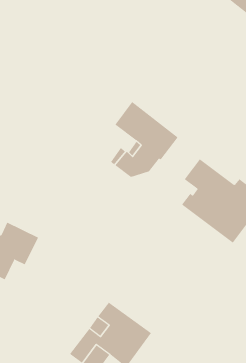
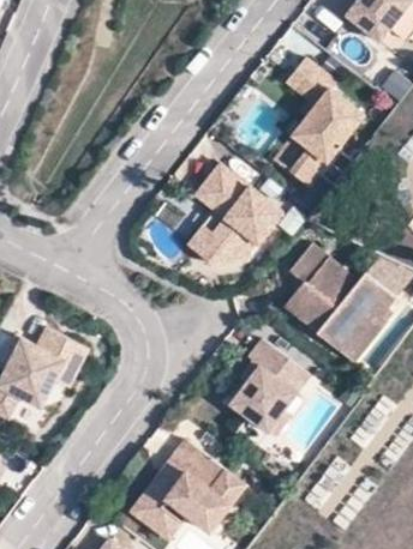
building: none -> [283,56,361,183]
building: none -> [231,337,310,429]

